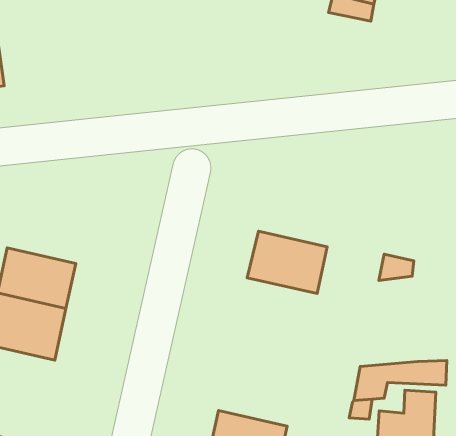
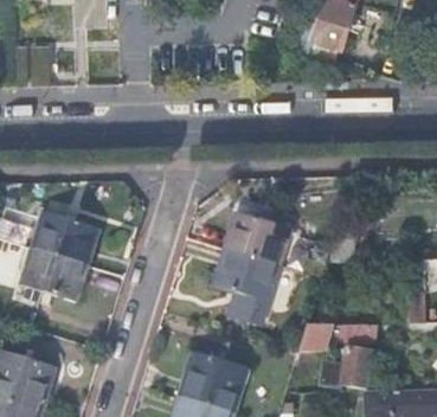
building: none -> [217,249,281,325]

